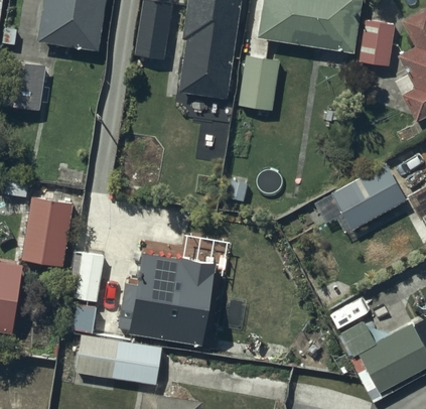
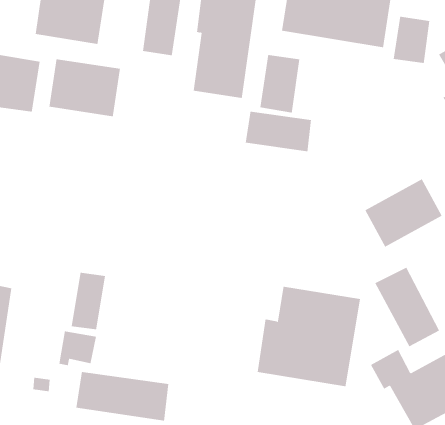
building: none -> [49,59,121,117]
building: none -> [245,111,312,152]
building: [25,197,73,269] -> none
building: none -> [374,267,440,347]
building: [121,254,214,344] -> [257,286,361,387]

